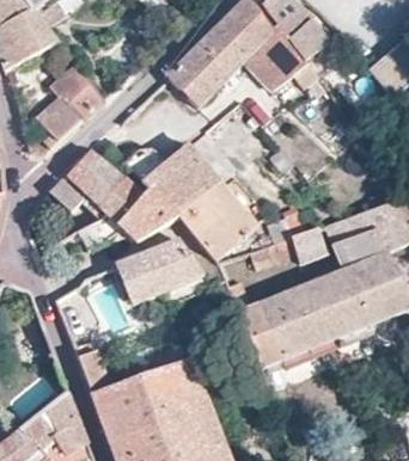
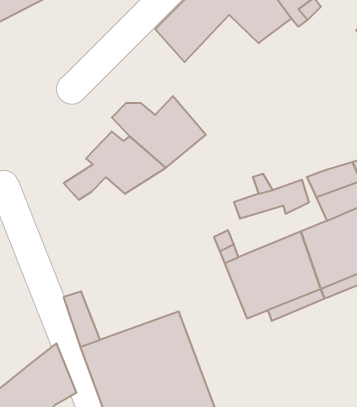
building: [37,62,103,146] -> none
building: [51,148,124,209] -> none
building: [179,180,256,259] -> none
building: [117,238,210,302] -> none

